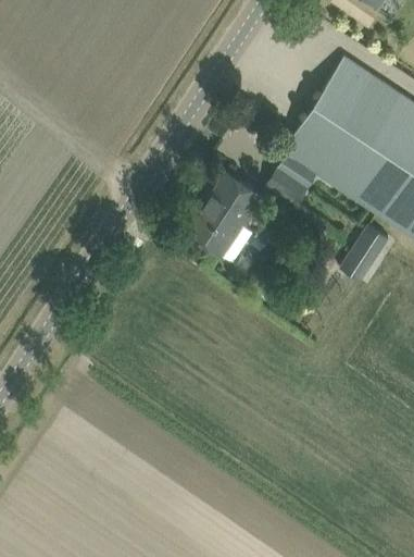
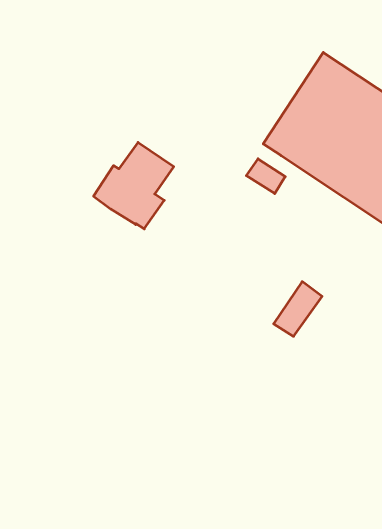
building: [183,172,265,261] -> [94,142,174,229]
building: [340,223,390,280] -> [274,282,322,336]

